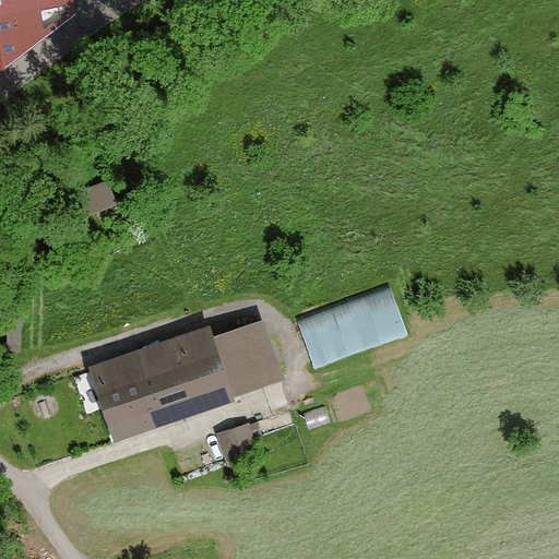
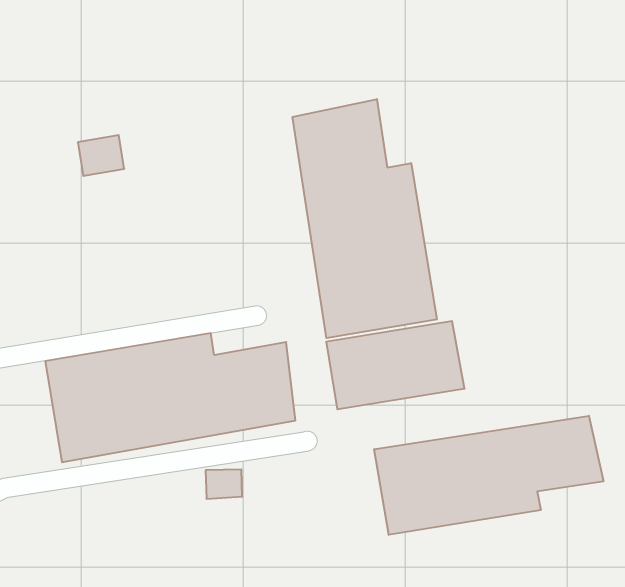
building: none -> [293,99,437,338]
building: none -> [374,416,603,535]

